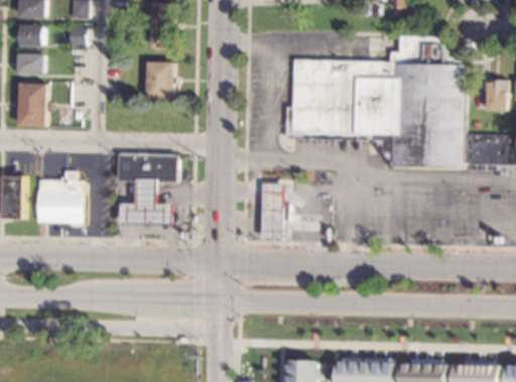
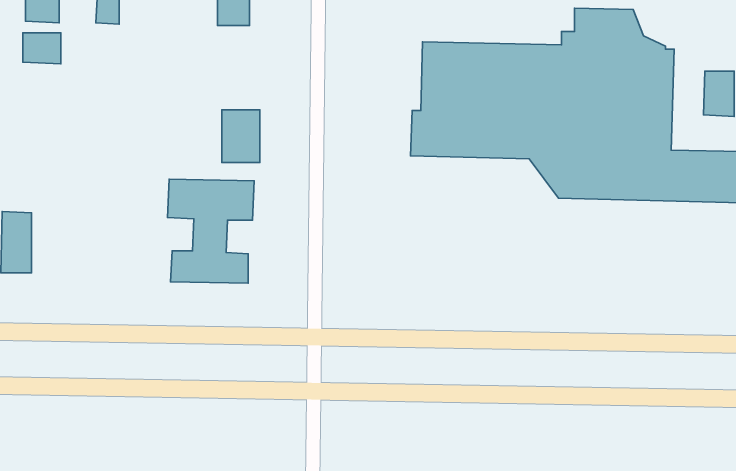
building: [146,61,172,98] -> [222,110,260,163]
building: [18,84,46,126] -> none
building: [36,171,81,225] -> none
building: [261,183,286,240] -> none

